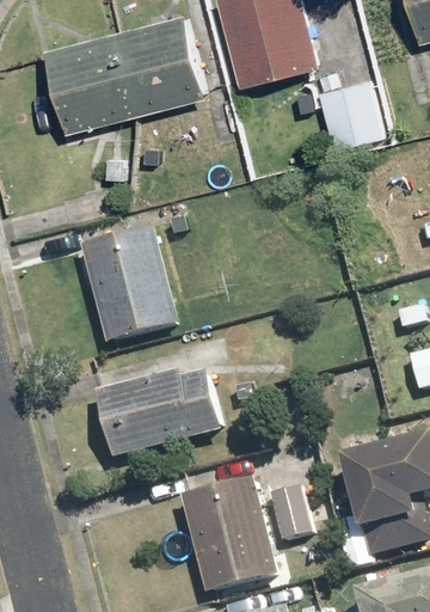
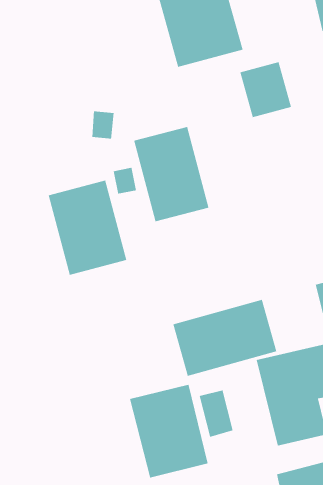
building: [45,14,204,133] -> none
building: none -> [133,126,209,222]
building: [94,363,223,459] -> [173,299,277,377]

